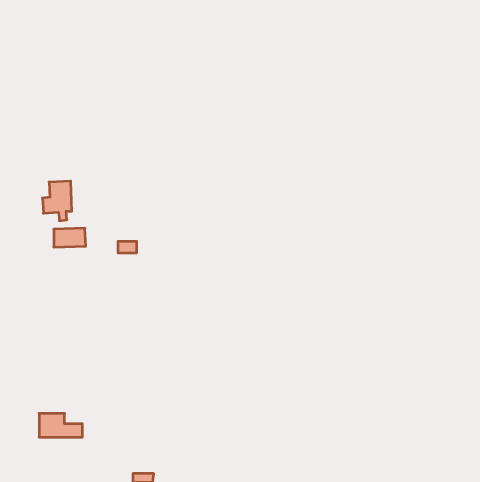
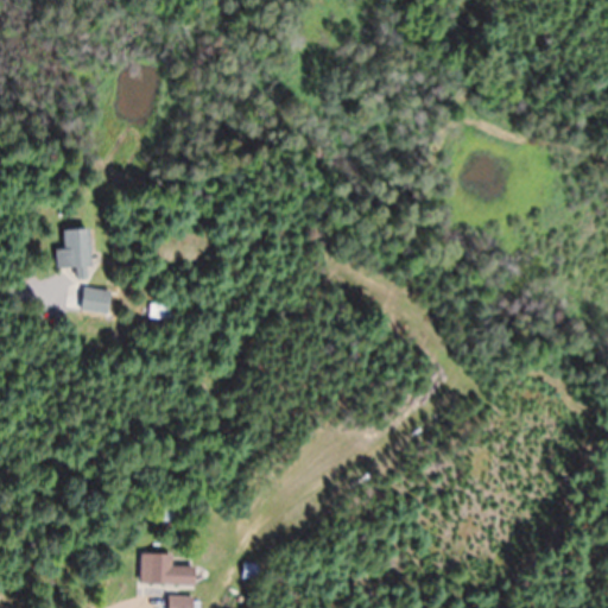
building: [39,413,82,437] -> [141,553,196,583]

